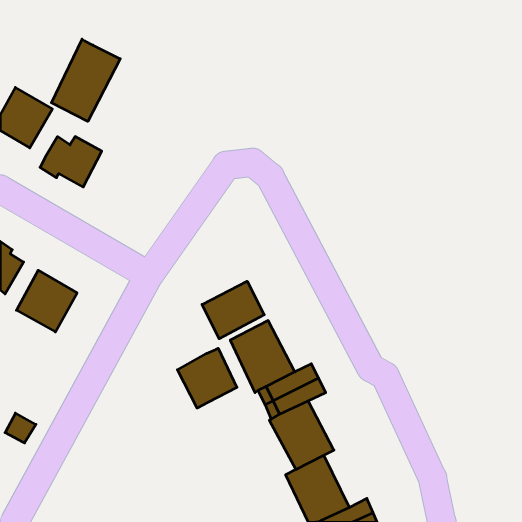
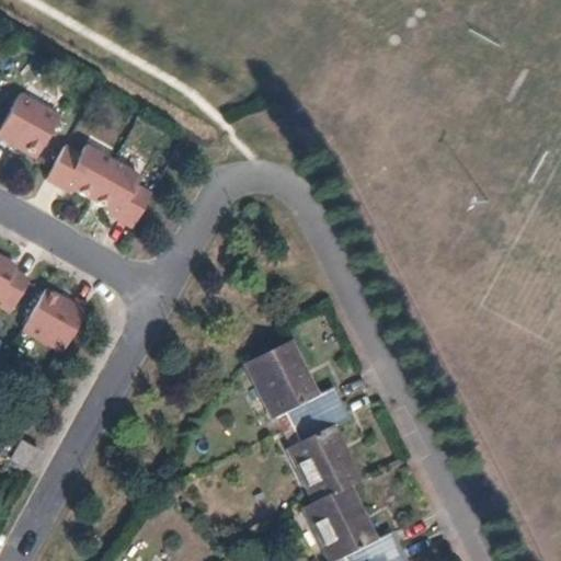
building: [51,39,120,121] -> none
building: none -> [92,161,150,229]
building: [202,281,264,339] -> none
building: [177,348,237,408] -> none

